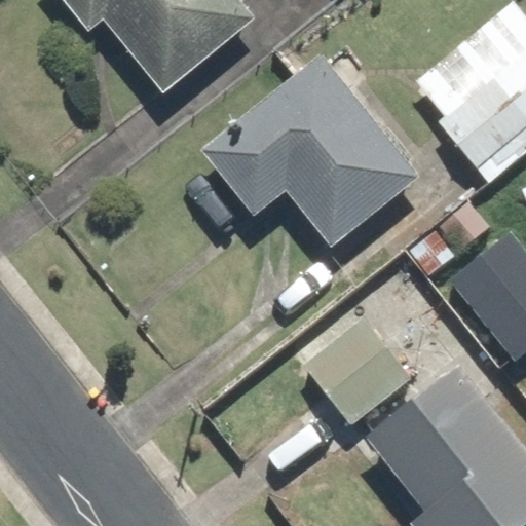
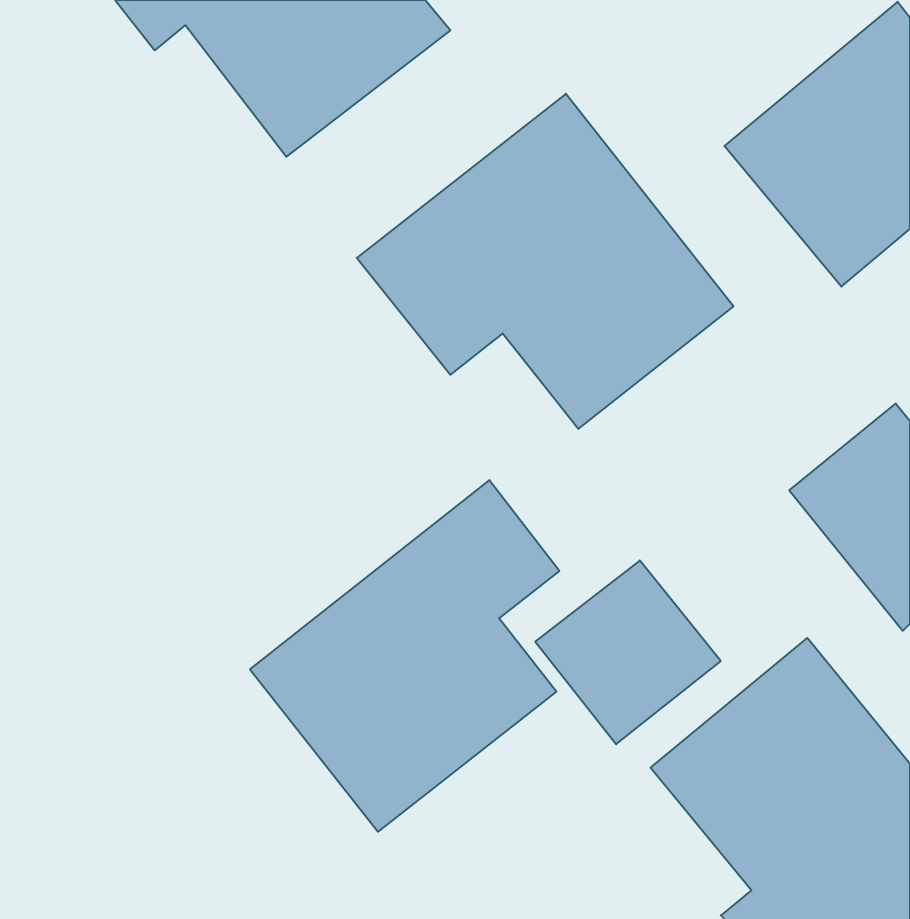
building: none -> [250,480,559,832]

